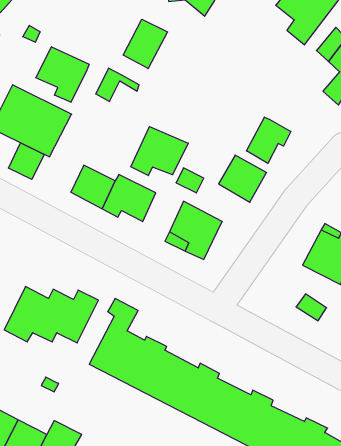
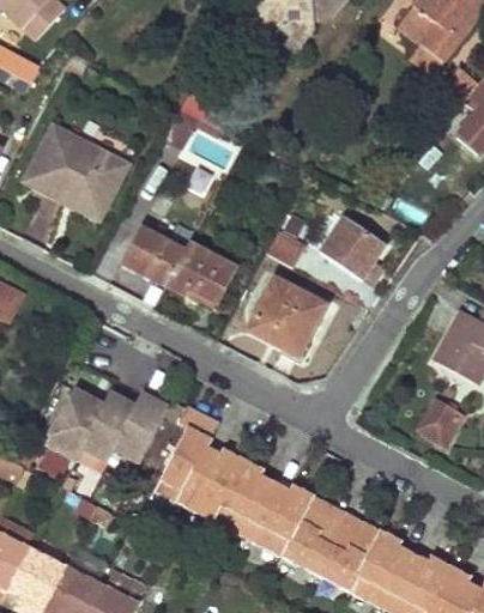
building: [123,19,168,69] -> none
building: [36,47,89,102] -> none
building: [246,117,291,163] -> none
building: [131,127,188,176] -> none
building: [9,143,44,179] -> none

